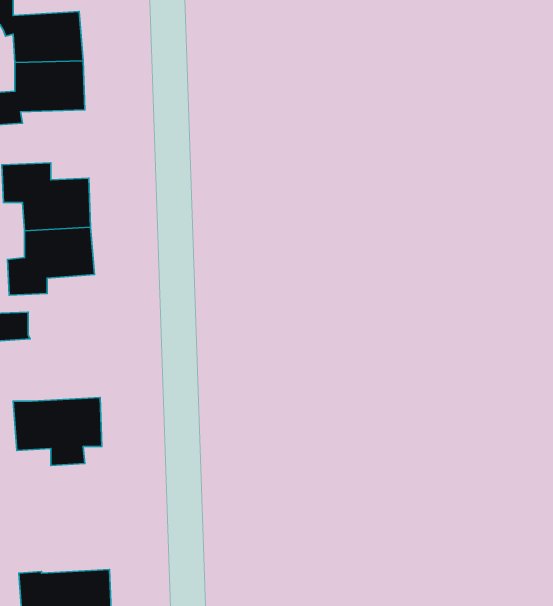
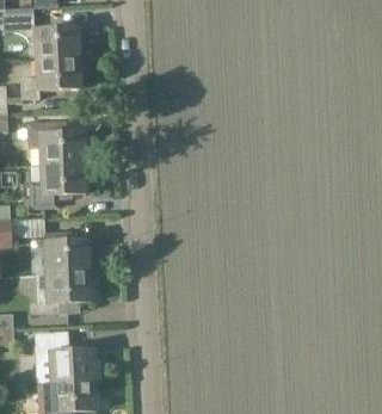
building: none -> [44,231,90,273]
building: none -> [36,332,101,382]

